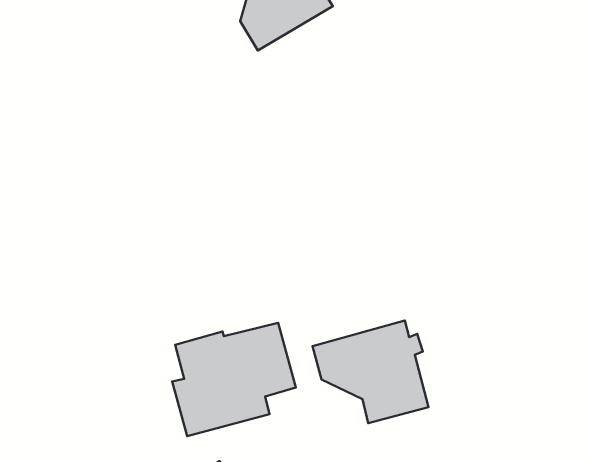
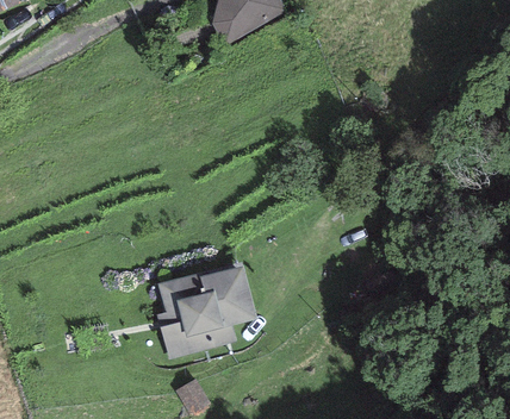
building: [313,320,428,423] -> none

